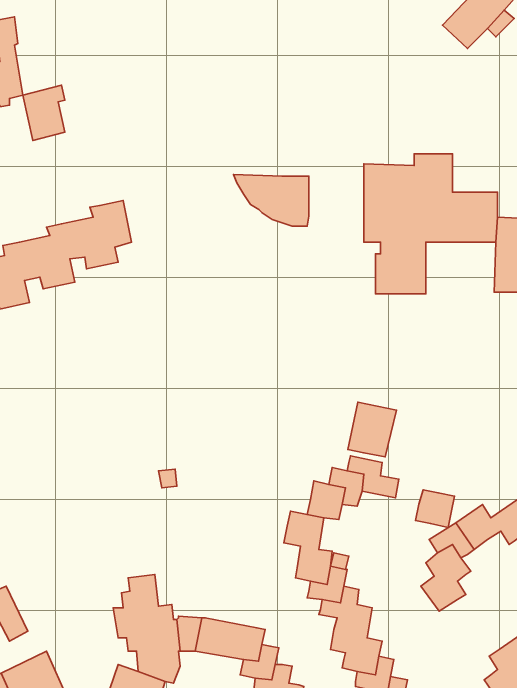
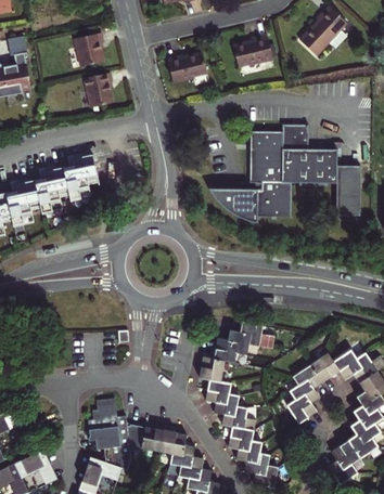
building: none -> [73,31,102,65]
building: none -> [229,32,271,66]
building: none -> [166,50,206,80]
building: [23,85,65,140] -> [84,70,111,106]
building: [234,174,309,226] -> [208,188,257,222]
building: [348,402,396,457] -> none
building: [415,490,454,527] -> none

